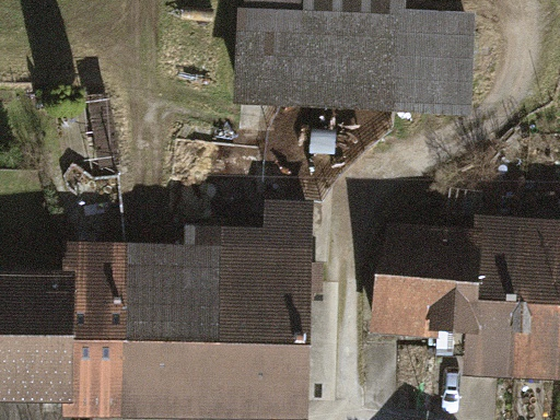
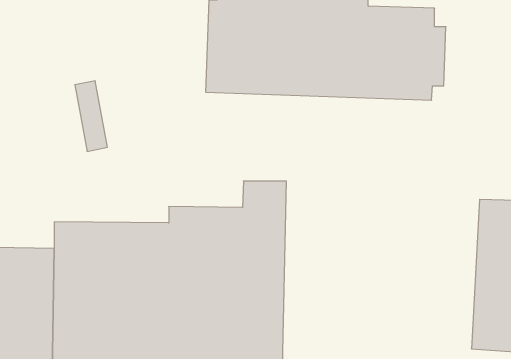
building: [382,217,520,378] -> none

